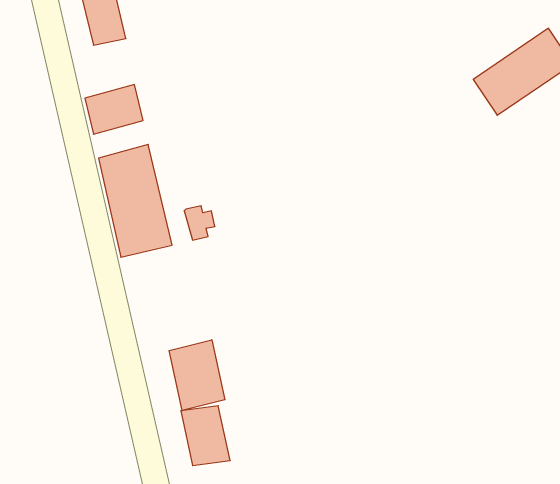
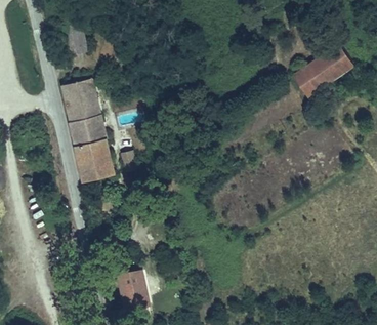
building: none -> [67,99,99,122]
building: [169,340,225,411] -> none

